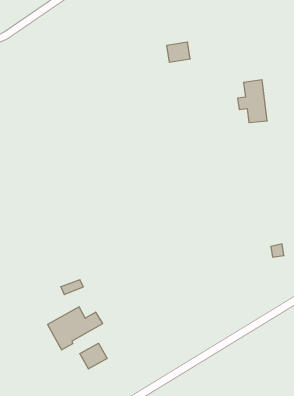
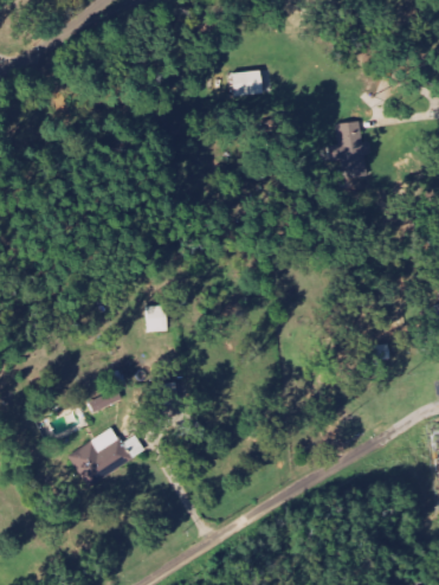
building: none -> [144,306,164,332]
building: [80,343,107,369] -> none

